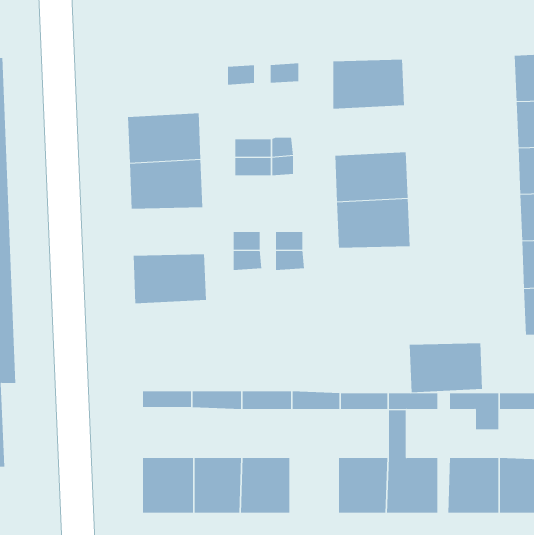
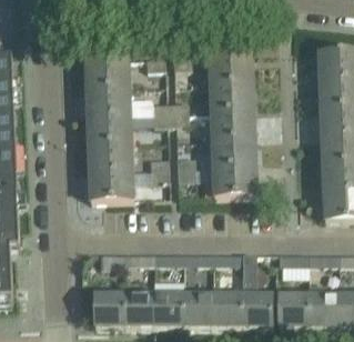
building: none -> [84,57,129,87]
building: none -> [209,80,253,110]
building: none -> [88,141,132,170]
building: [409,343,483,393] -> [212,164,256,194]
building: none -> [183,291,212,324]

